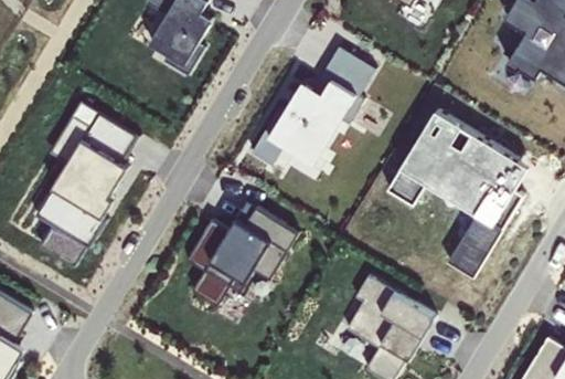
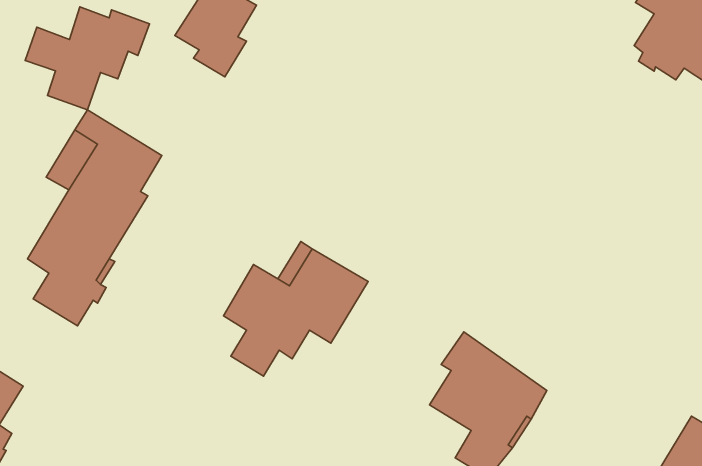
building: none -> [25,7,149,110]
building: [250,45,375,165] -> none
building: [387,109,523,276] -> none

